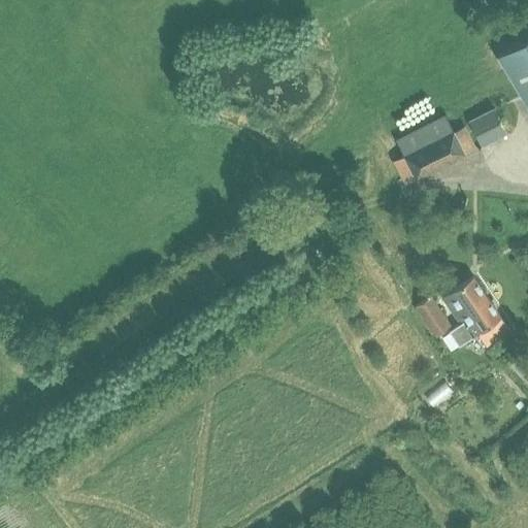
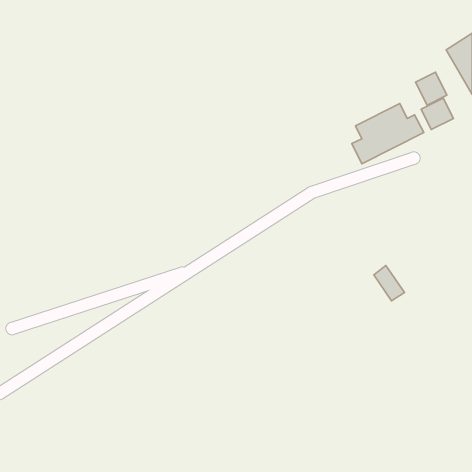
building: none -> [416,72,447,105]
building: [442,278,506,348] -> none

